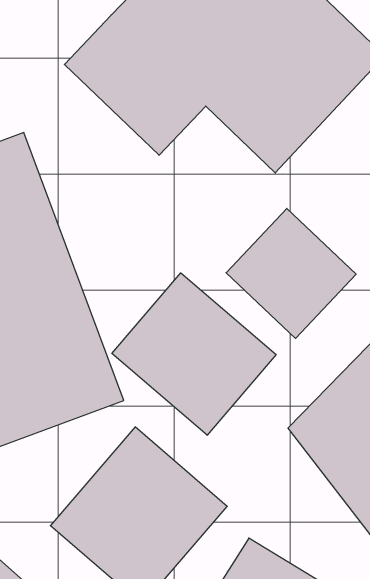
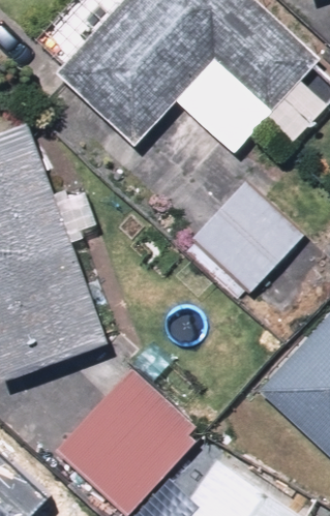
building: [112,273,276,435] -> none

